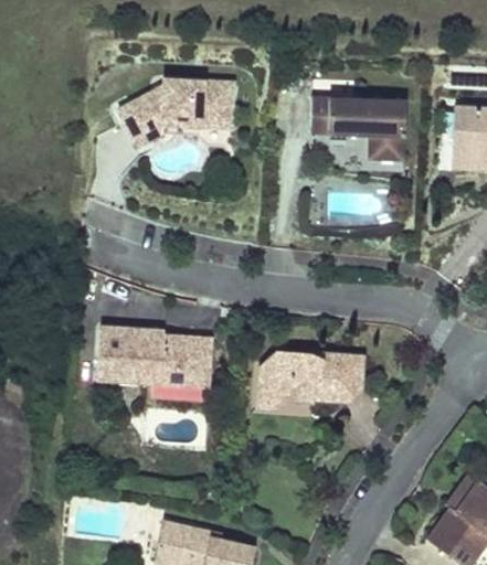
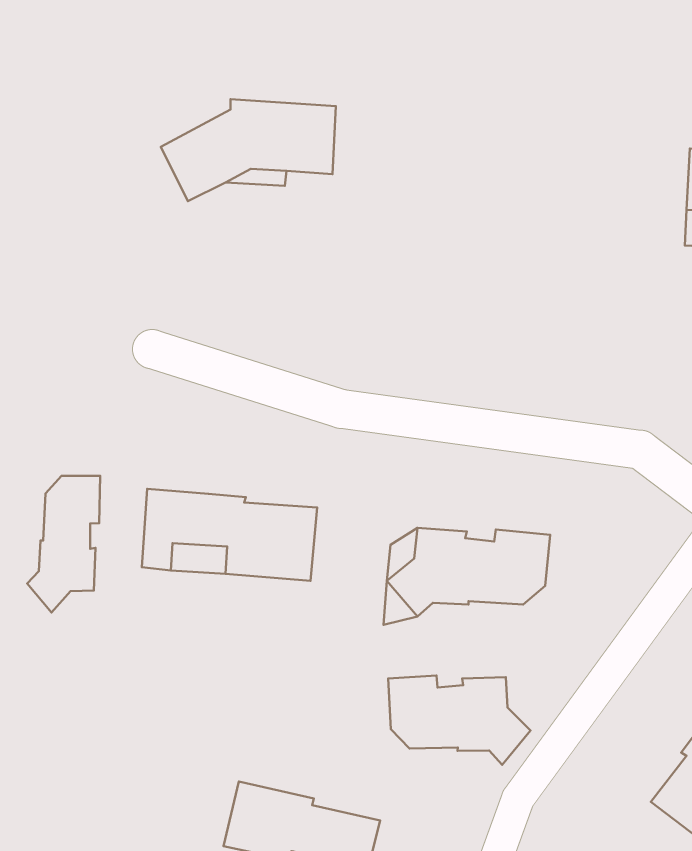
building: [311,95,407,159] -> none
building: none -> [27,476,100,613]
building: none -> [388,676,531,765]

